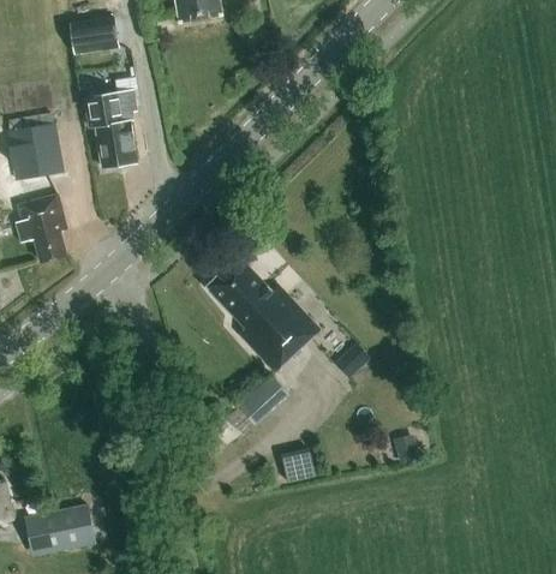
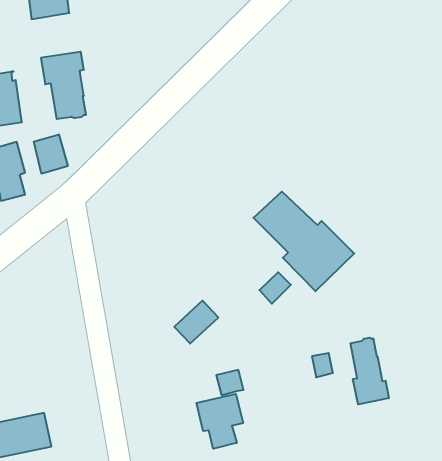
building: none -> [34,134,68,174]
building: [207,256,322,370] -> [253,192,354,291]
building: none -> [351,338,389,404]
building: none -> [197,394,243,449]

